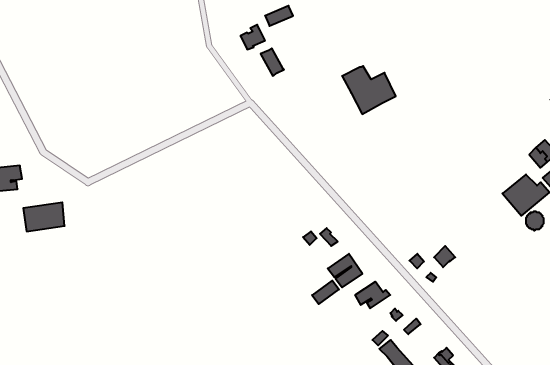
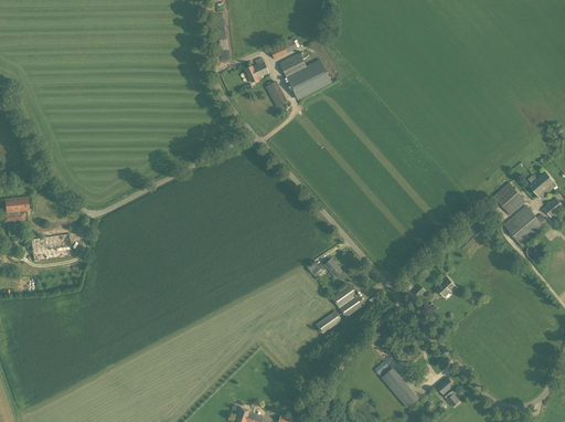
building: [342,66,396,114] -> [278,53,331,101]
building: none -> [494,182,525,214]
building: [355,282,390,308] -> none

